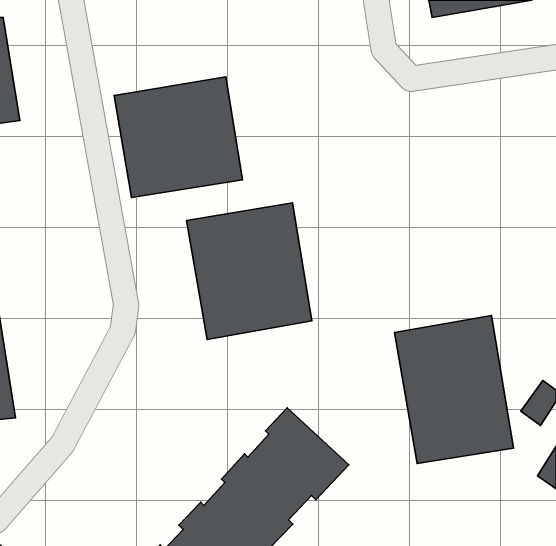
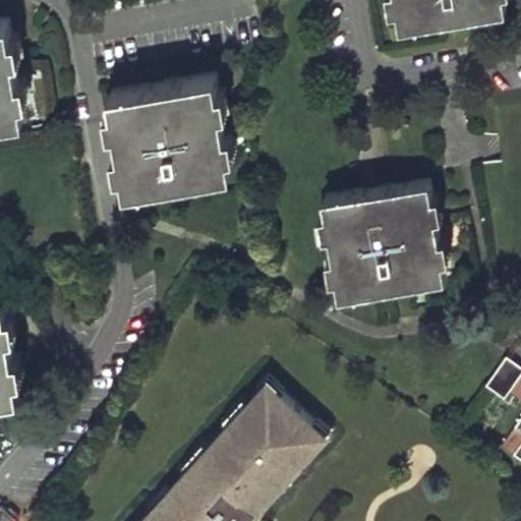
building: none -> [321,189,442,302]
building: [187,203,312,339] -> none
building: [395,315,514,463] -> none

